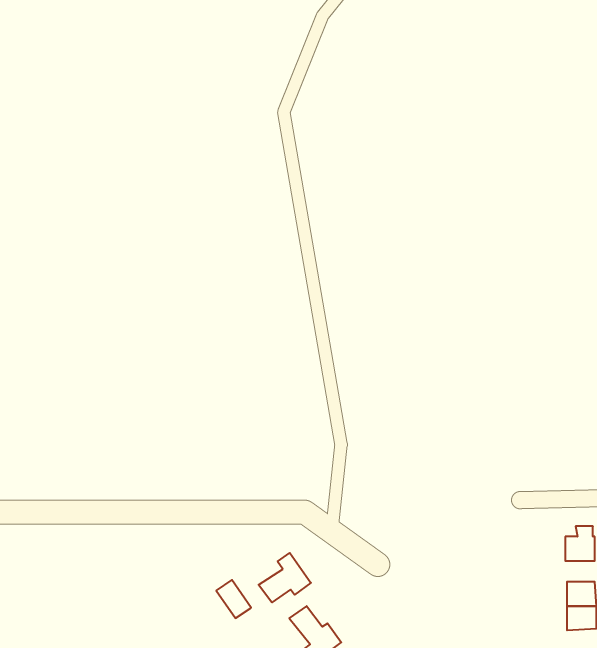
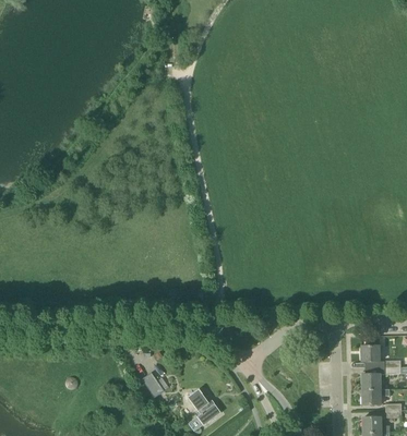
building: [259,553,311,602] -> none

